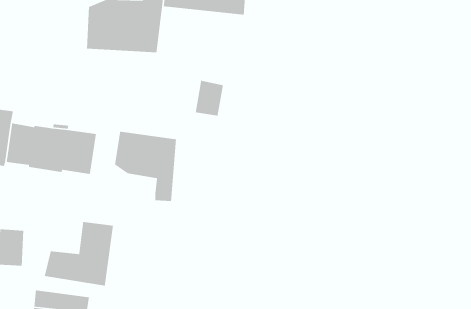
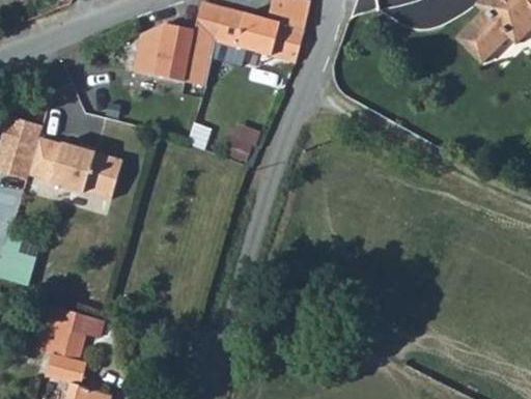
building: [114,131,177,202] -> none
building: [44,221,114,287] -> none

